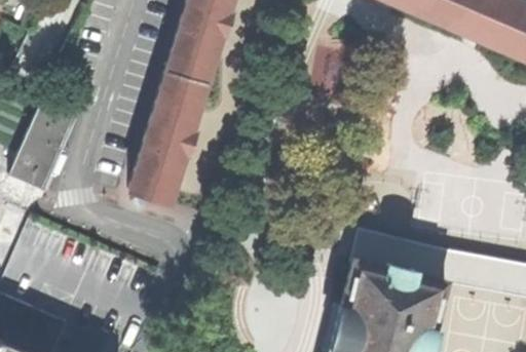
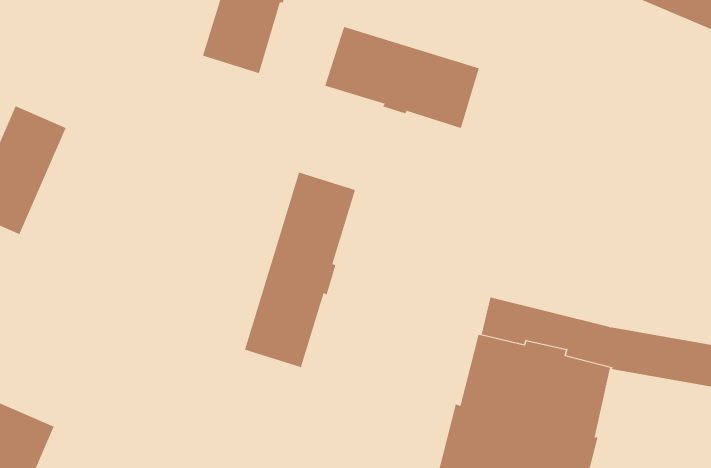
building: none -> [324,26,480,129]
building: [130,68,206,201] -> [244,172,356,368]

